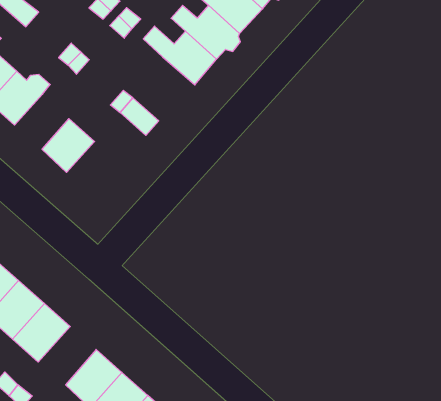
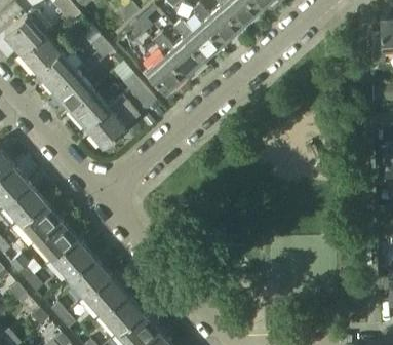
building: none -> [146,54,185,93]
building: none -> [53,71,92,110]
building: none -> [86,97,139,147]
building: none -> [50,238,92,279]

